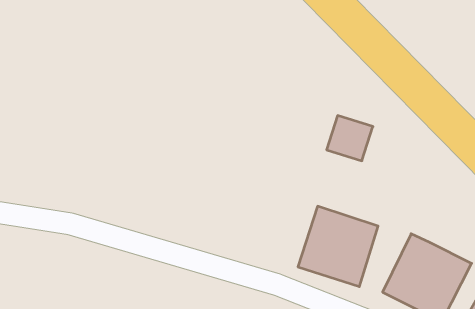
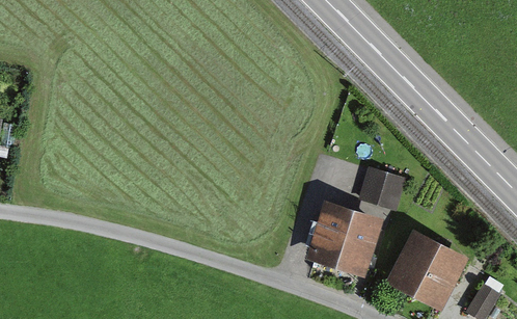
building: [327,116,373,161] -> [360,165,404,208]

